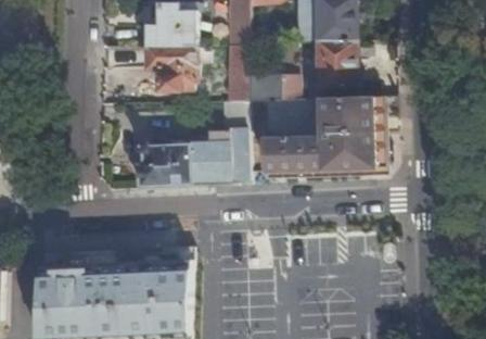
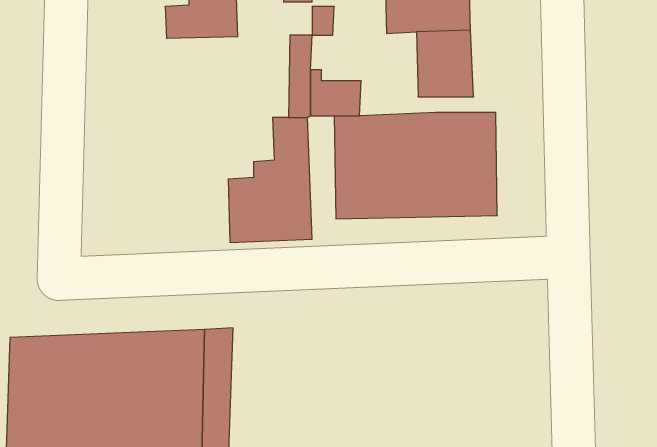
building: [148,43,197,89] -> none
building: [135,138,191,187] -> none

